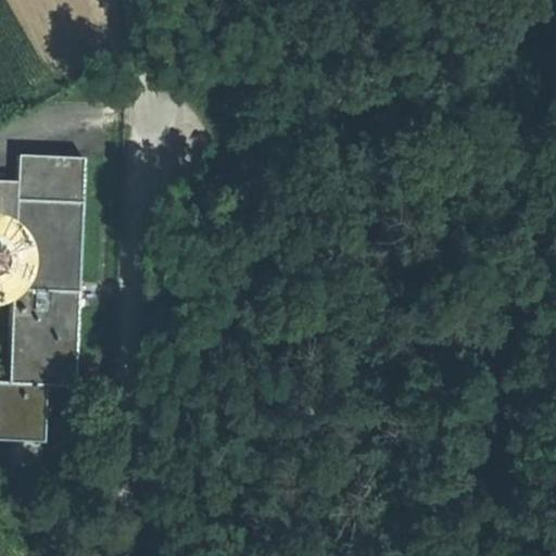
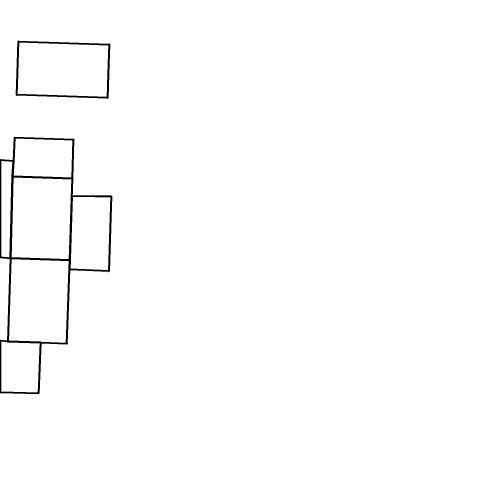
building: none -> [17,41,109,98]
building: none -> [70,196,111,271]

